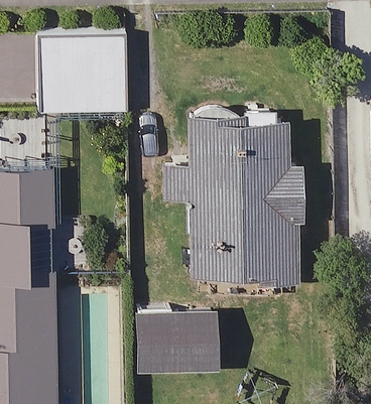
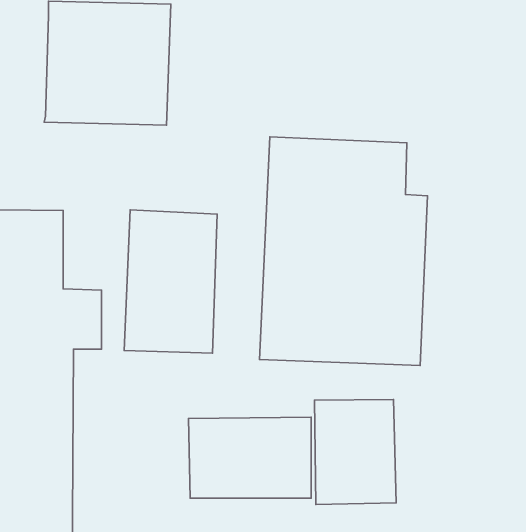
building: none -> [124,210,217,353]
building: none -> [315,400,396,505]

